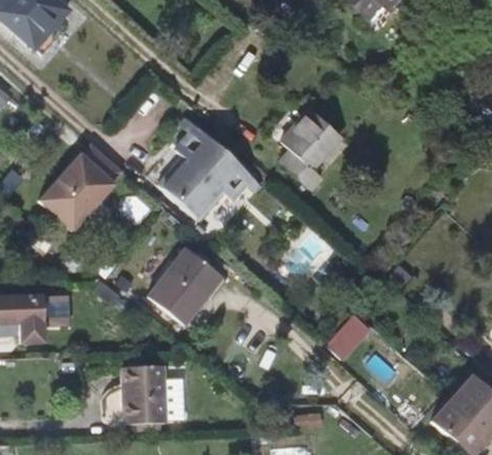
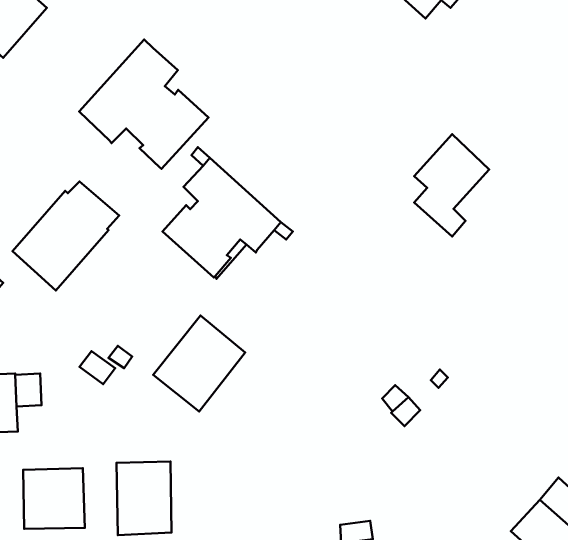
building: none -> [79,40,209,169]
building: [281,107,340,187] -> [414,134,489,237]
building: none -> [23,468,85,529]

